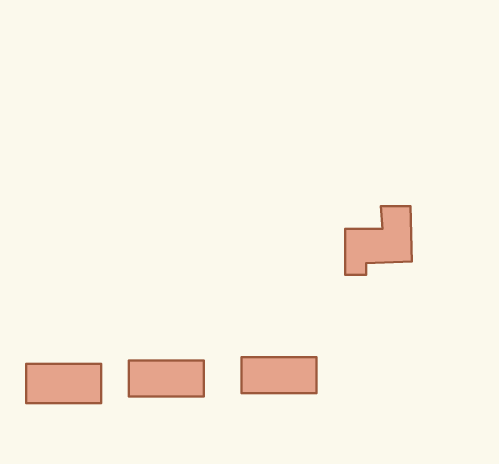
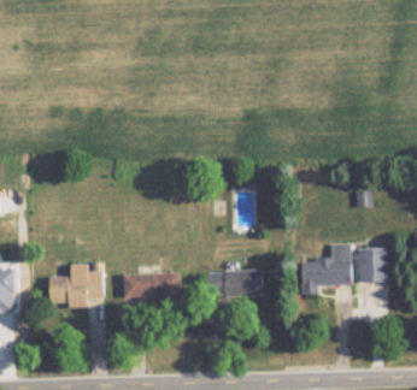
building: [345,206,412,275] -> [301,244,351,295]
building: none -> [358,248,386,283]

